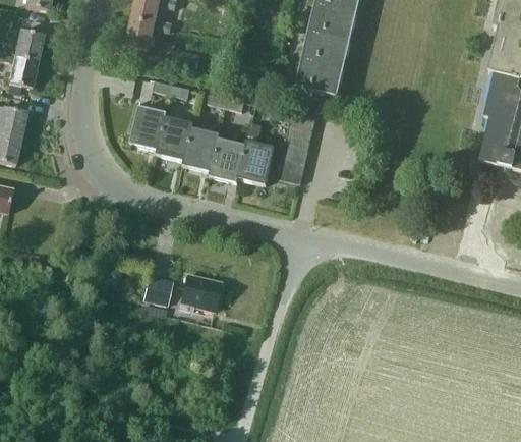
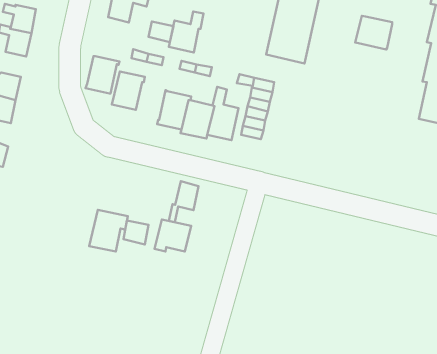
building: none -> [169,12,204,52]
building: none -> [355,16,392,49]
building: [155,117,193,160] -> [85,56,119,94]
building: none -> [169,181,199,222]
building: none -> [89,210,128,252]

